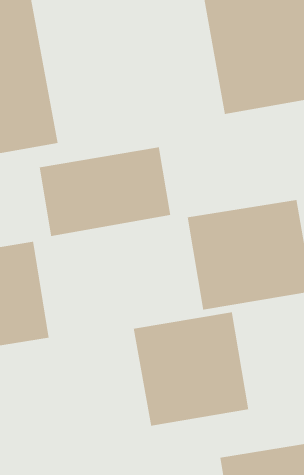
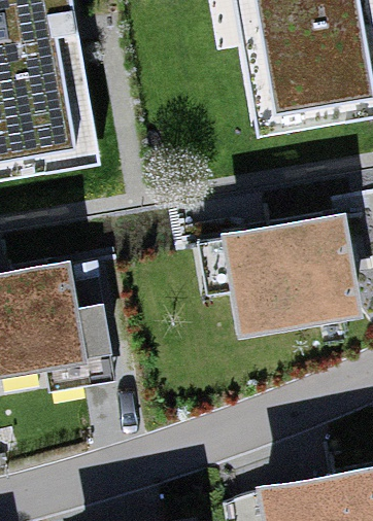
building: [39,147,171,237] -> none
building: [133,311,249,426] -> none

